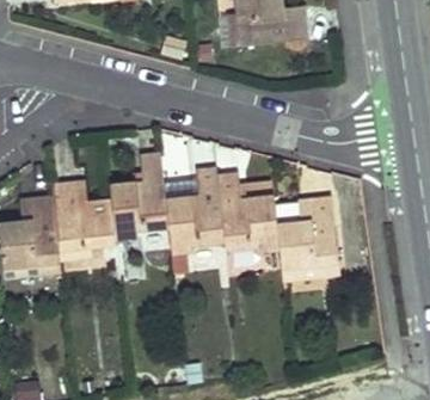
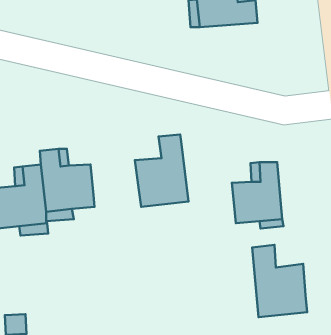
building: [110,152,168,238] -> none
building: [217,173,278,251] -> none
building: none -> [252,245,307,317]

